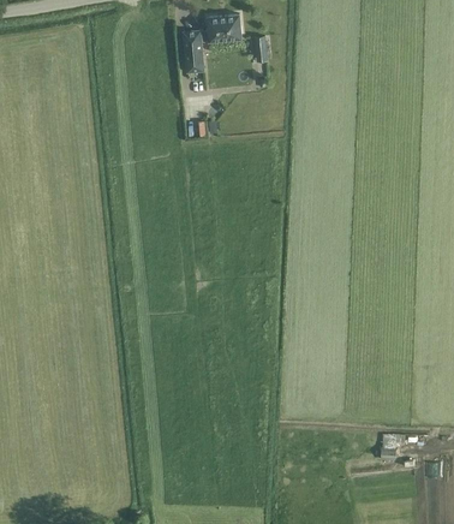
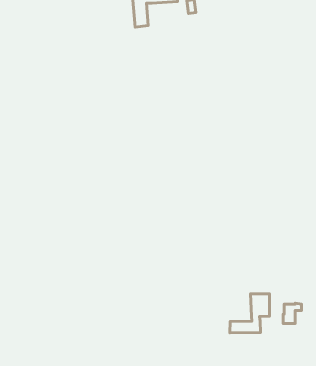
building: none -> [230,294,270,333]

